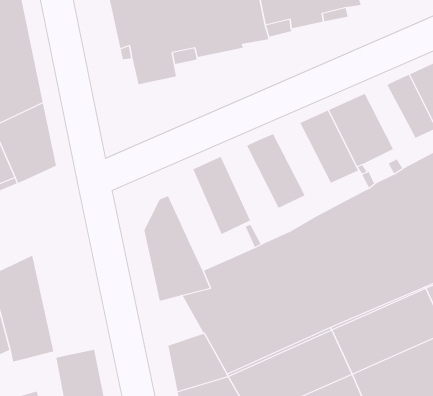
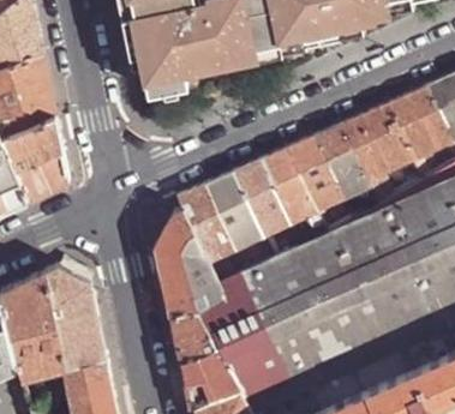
building: none -> [379,98,430,163]
building: none -> [287,137,345,210]
building: none -> [234,160,292,235]
building: none -> [176,184,234,263]
building: none -> [44,265,107,373]
building: none -> [172,311,216,361]

